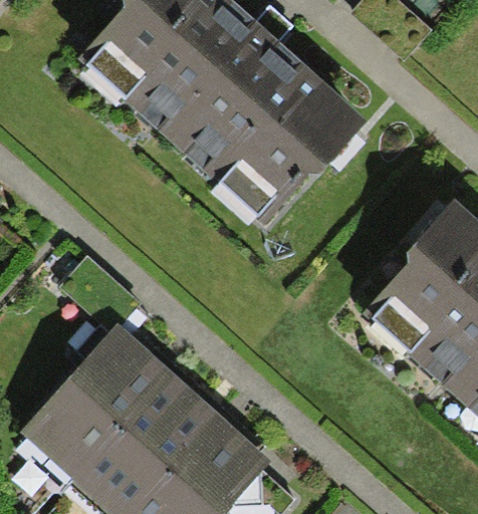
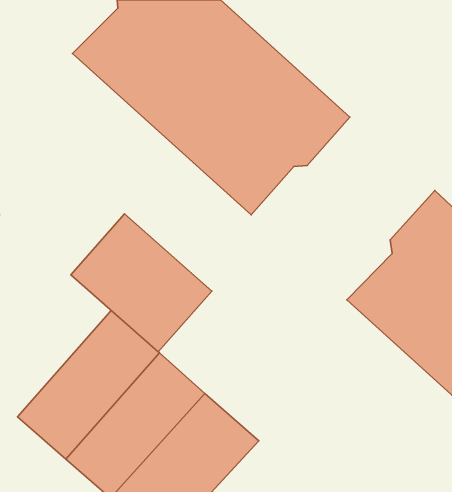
building: none -> [71,214,212,352]

